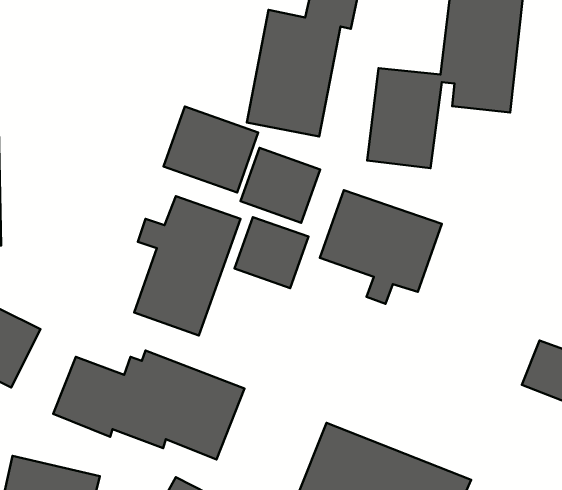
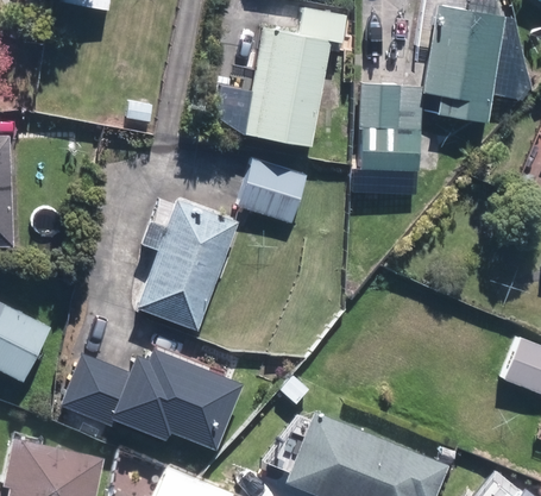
building: [164,106,258,192] -> none
building: [320,190,442,304] -> none
building: [235,217,308,288] -> none

